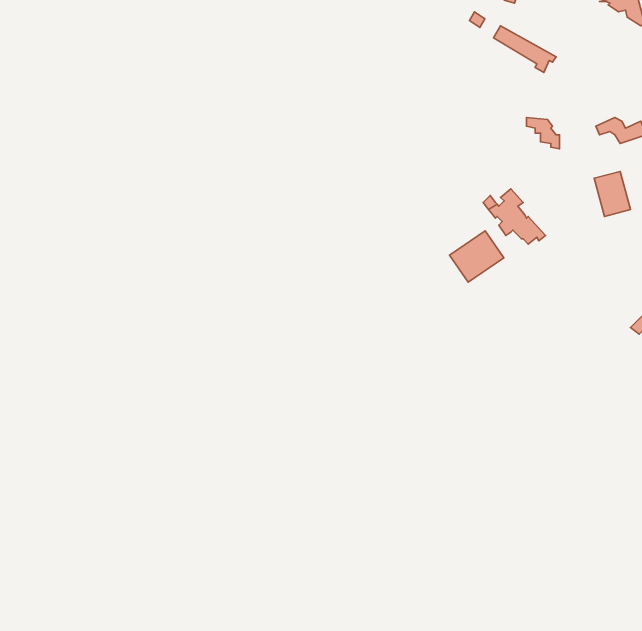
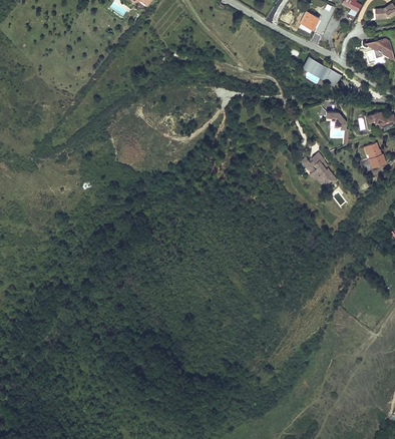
building: [449,231,504,282] -> none

